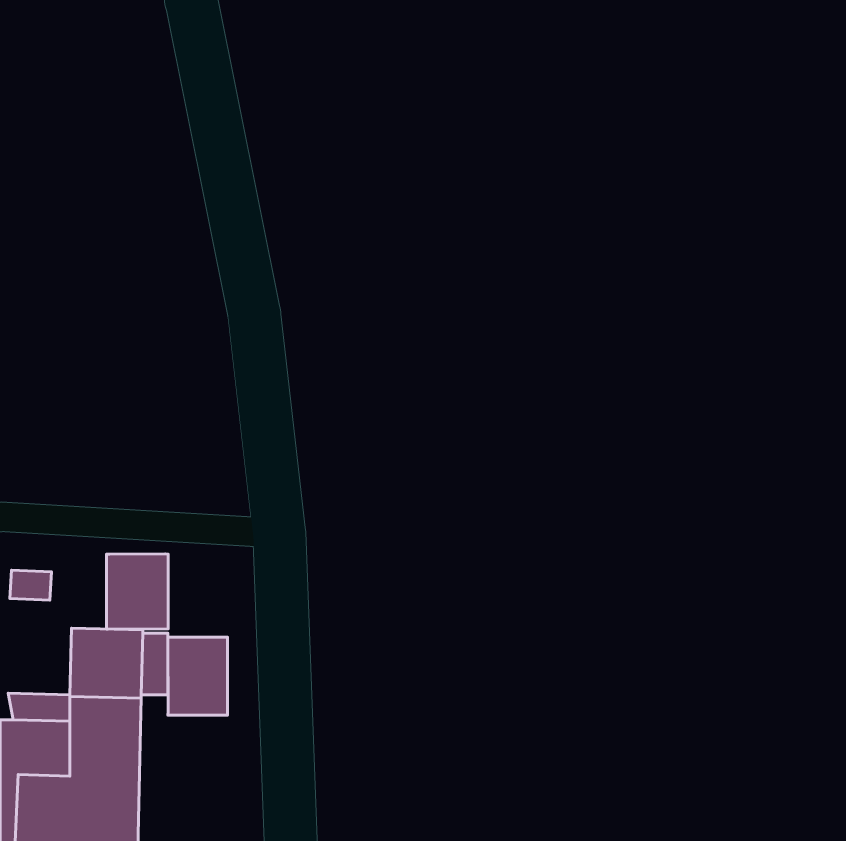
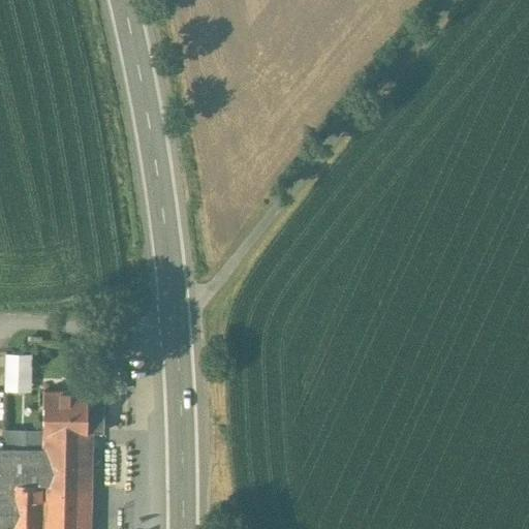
building: [106,554,168,629] -> none
building: [168,637,227,715] -> none

